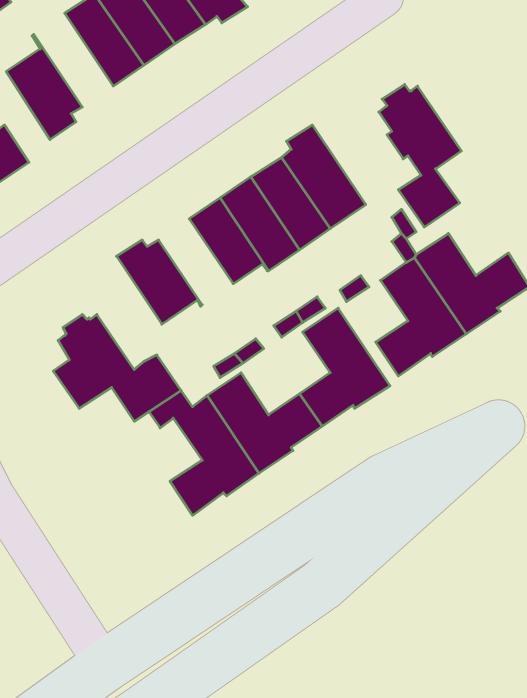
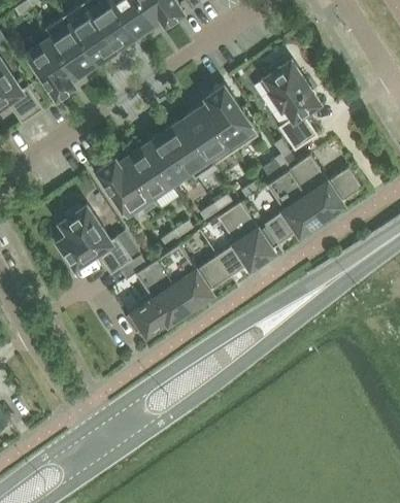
building: none -> [46,15,97,75]
building: none -> [126,146,173,201]

